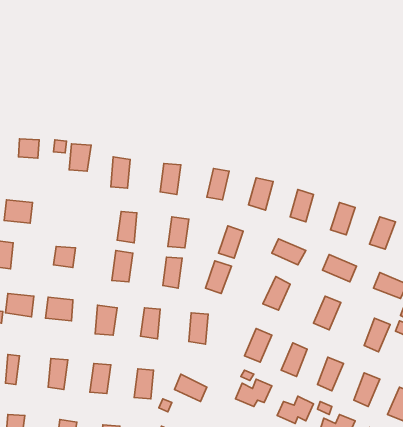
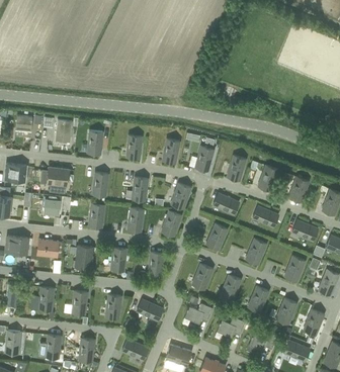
building: none -> [40,167,70,185]

